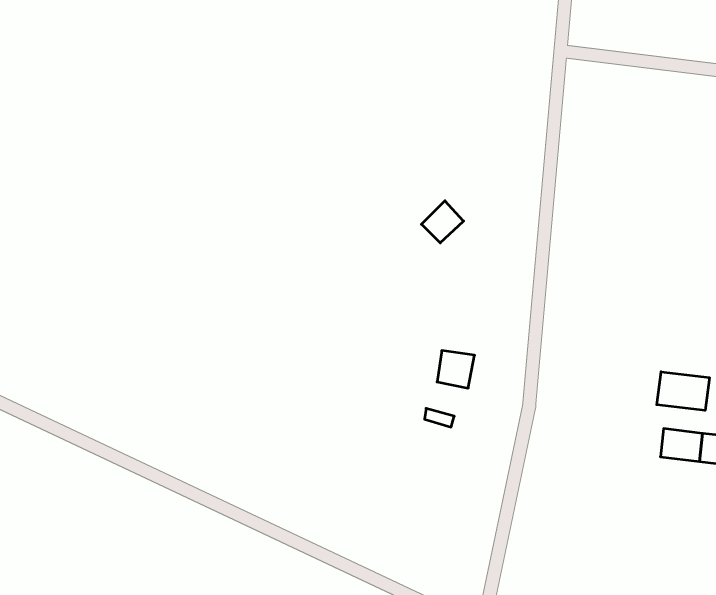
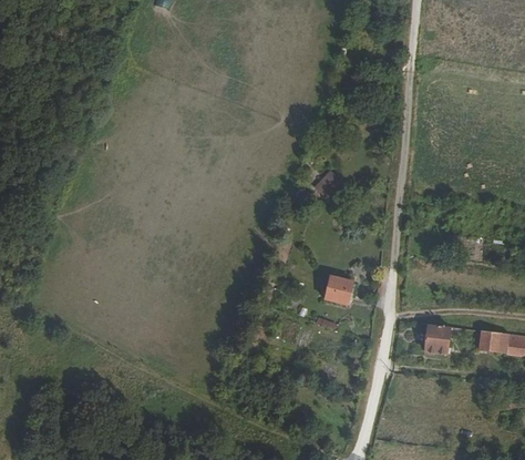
building: [657,372,709,410] -> none
building: none -> [426,324,451,352]

